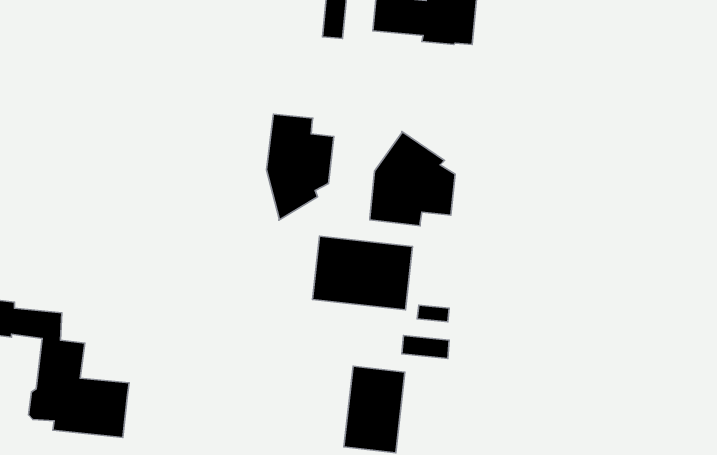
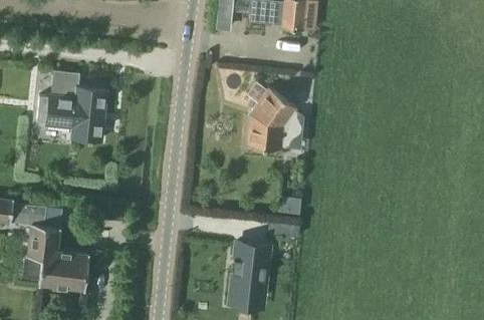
building: none -> [36,71,106,141]
building: [267,114,334,220] -> none
building: [313,236,412,310] -> none

